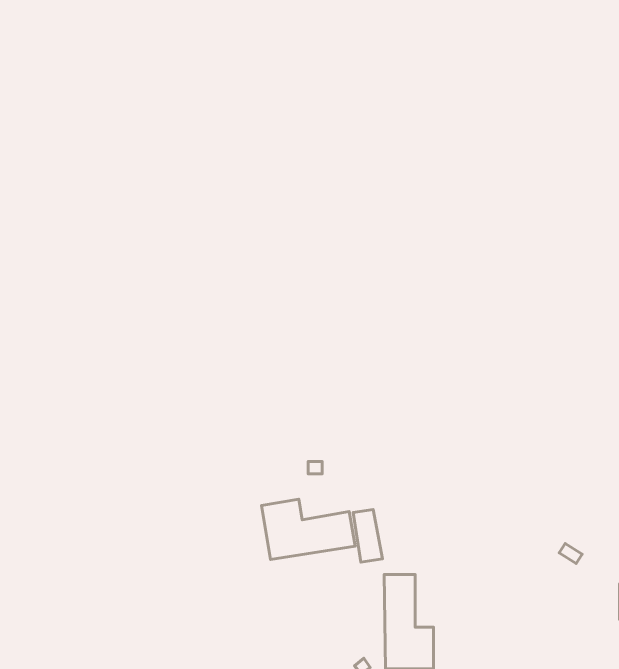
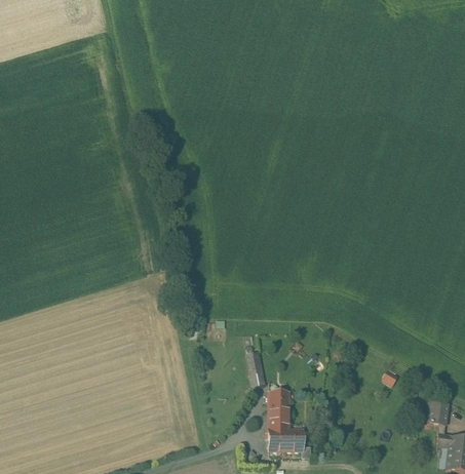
building: [261,499,355,559] -> none

